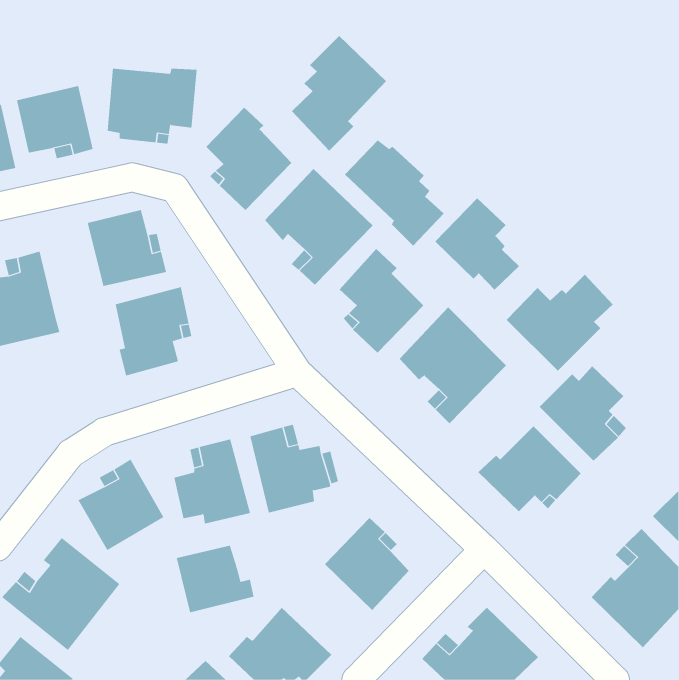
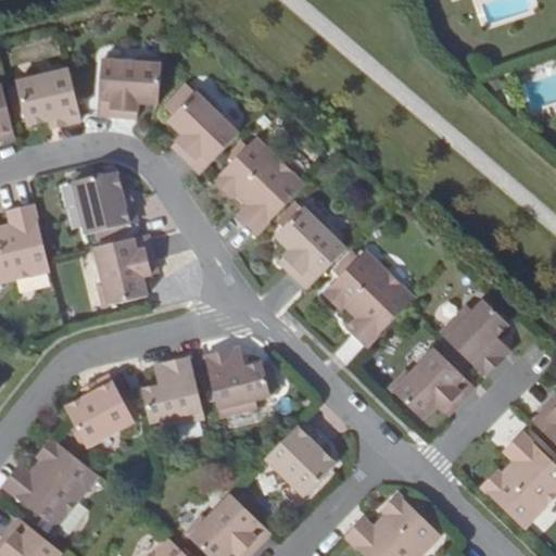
building: [291,35,387,151] -> none
building: [344,139,444,247] -> none
building: [434,198,520,290] -> none
building: [506,274,614,372] -> none
building: [176,545,254,613] -> none

